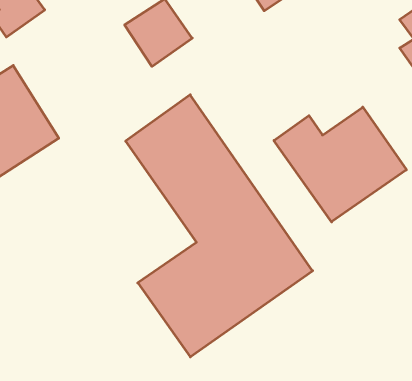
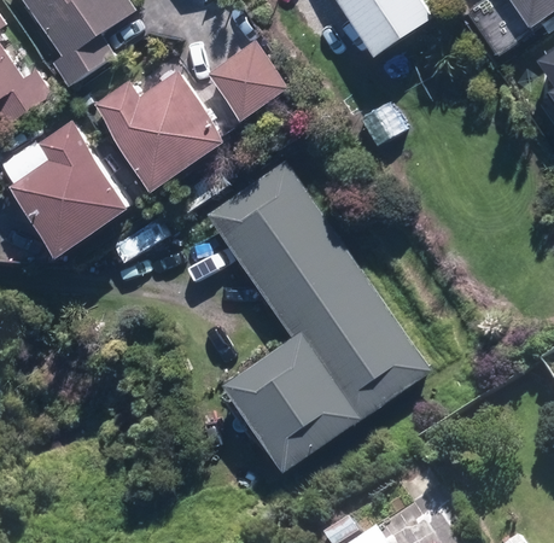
building: none -> [92,76,222,191]
building: [274,107,406,222] -> none

